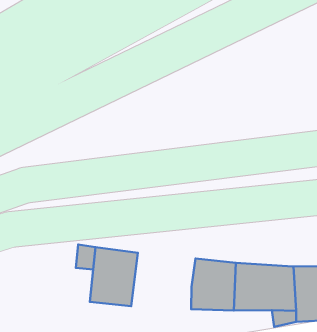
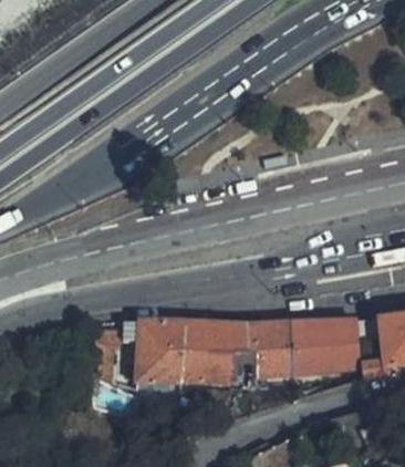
building: none -> [184,322,248,381]

